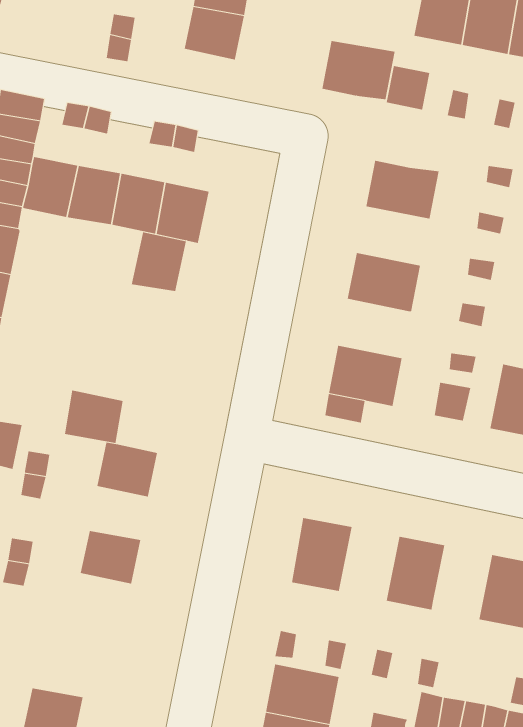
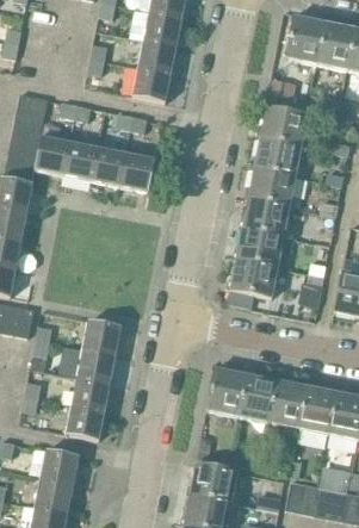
building: [321,41,396,100] -> [260,107,308,145]
building: none -> [131,67,171,103]
building: none -> [248,168,296,206]
building: [131,232,186,292] -> none
building: none -> [236,228,284,266]
building: [64,390,124,443] -> [76,348,114,383]
building: none -> [237,374,276,422]
building: none -> [297,386,335,434]
building: none -> [64,404,104,440]
building: none -> [39,449,79,484]

